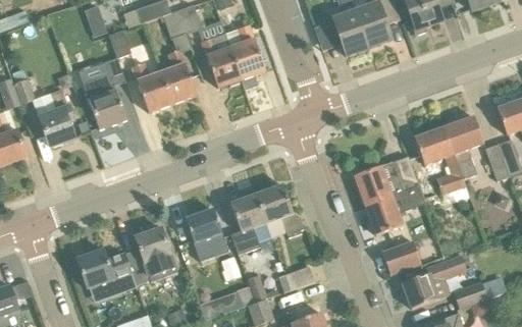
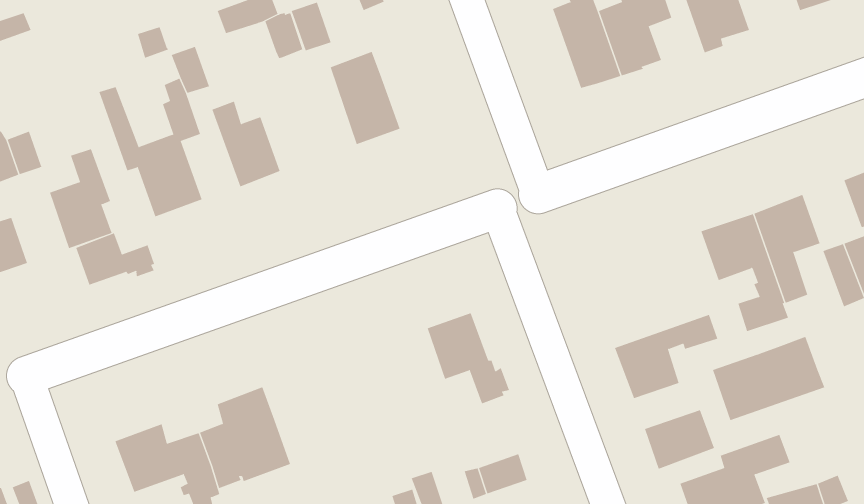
building: [230,24,264,77] -> none
building: [161,49,197,102] -> none
building: none -> [75,232,155,286]
building: [355,155,420,204] -> [712,336,825,421]
building: [230,193,272,254] -> none
building: [186,208,229,255] -> none

